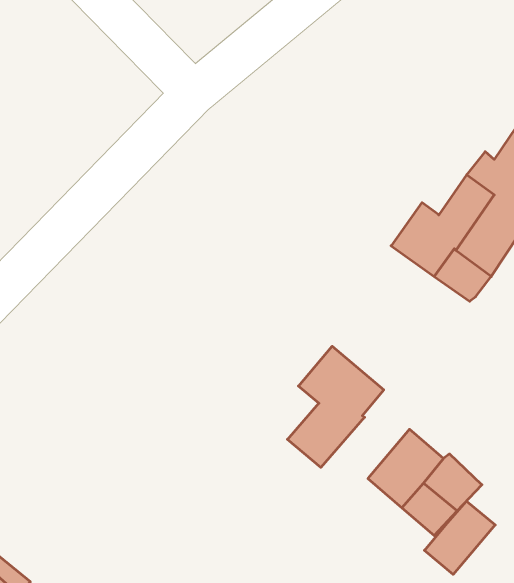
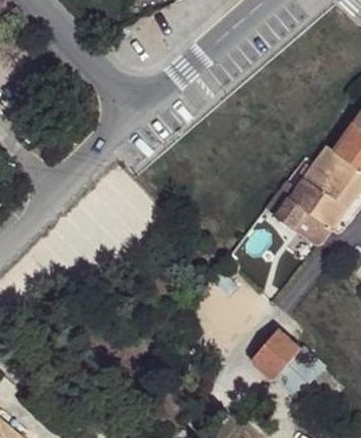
building: [287,346,384,467] -> none
building: [424,501,495,574] -> none

